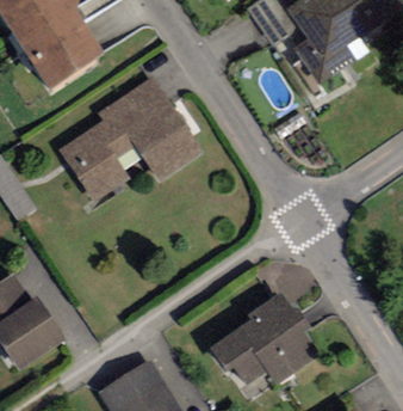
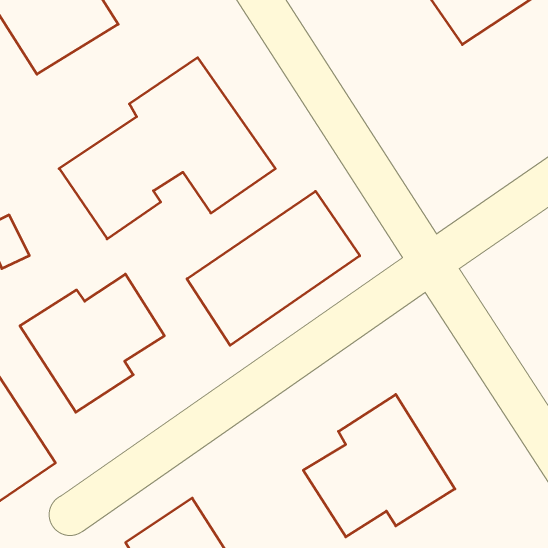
building: none -> [187,191,360,345]
building: none -> [20,274,164,412]

